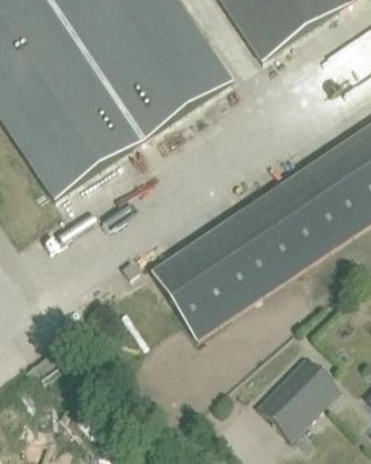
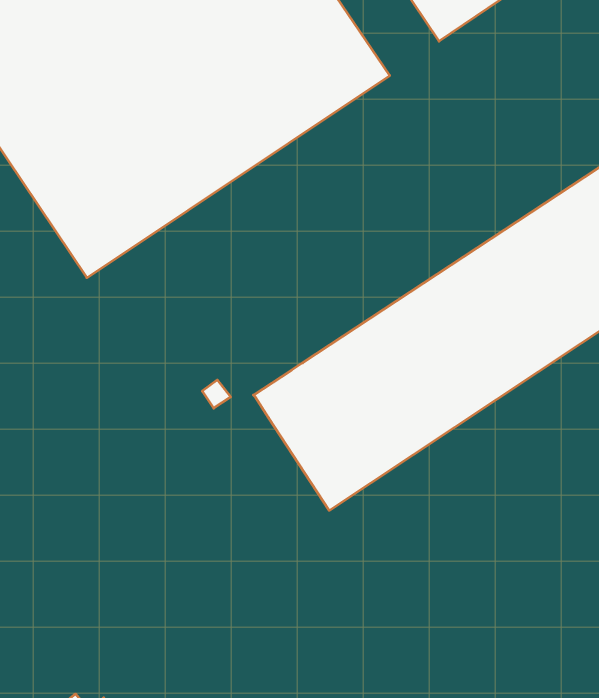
building: [257,357,327,440] -> none

